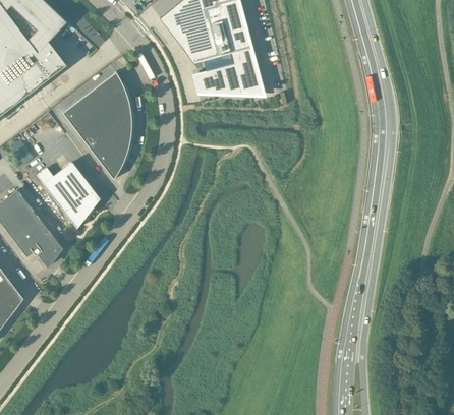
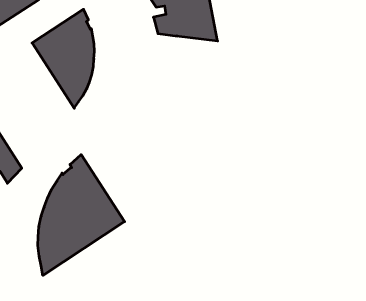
building: [42,161,100,228] -> none
building: none -> [38,155,125,275]

